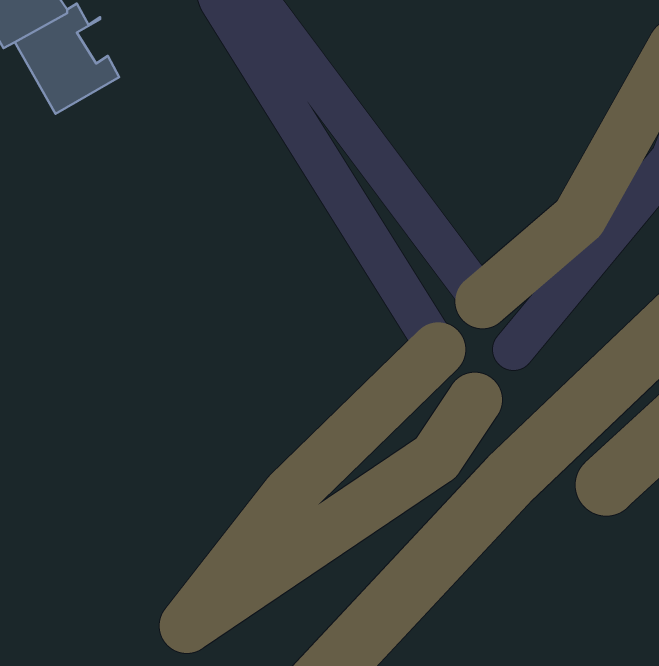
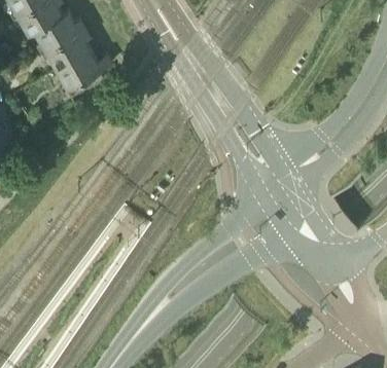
building: none -> [57,49,112,99]

